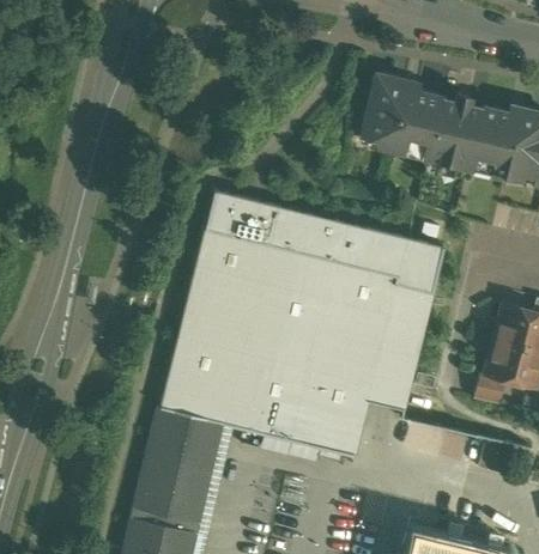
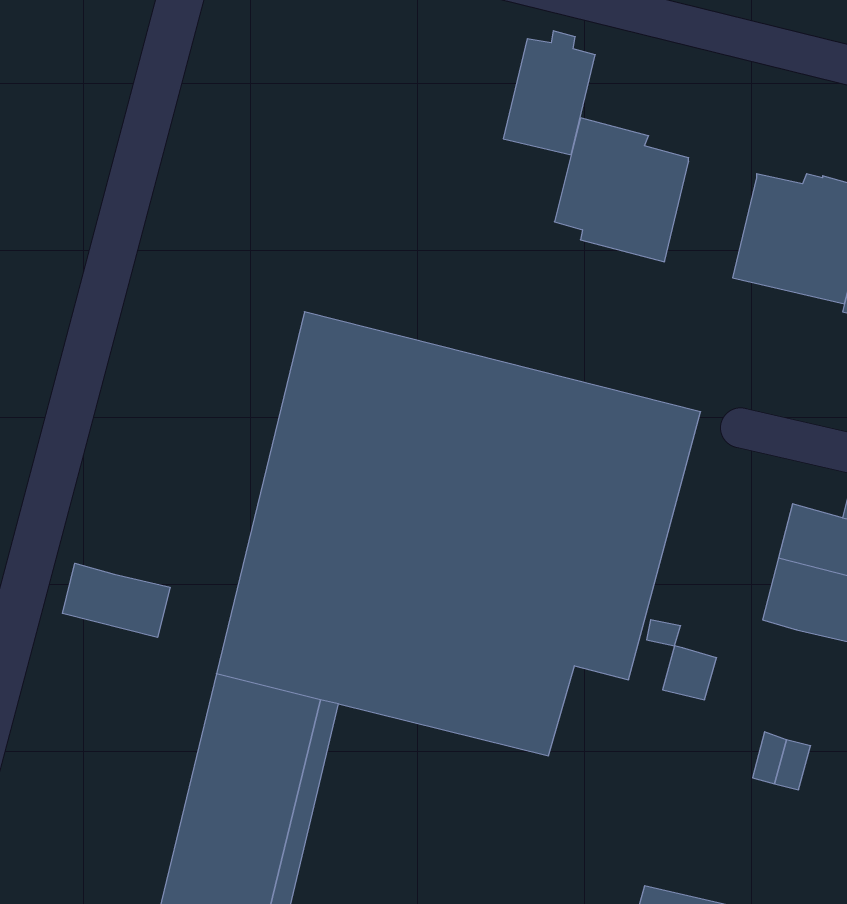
building: [426,95,482,169] -> [503,31,595,155]
building: none -> [62,563,170,637]
building: [473,372,505,404] -> [663,646,717,700]

